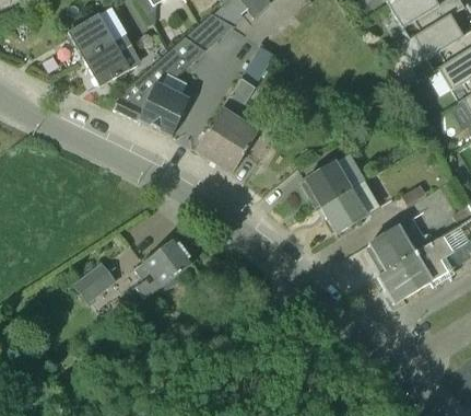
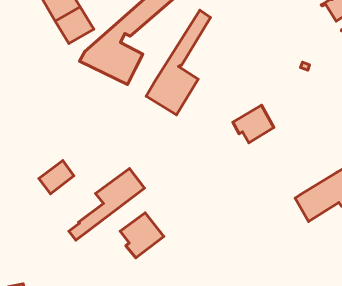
building: [321,183,380,232] -> none
building: [369,216,429,269] -> none
building: [74,262,117,302] -> [39,161,74,194]
building: none -> [120,213,164,258]

